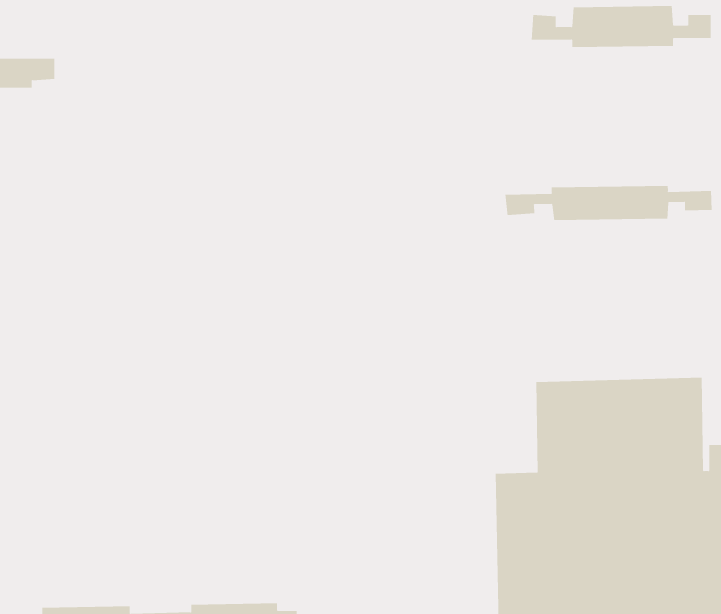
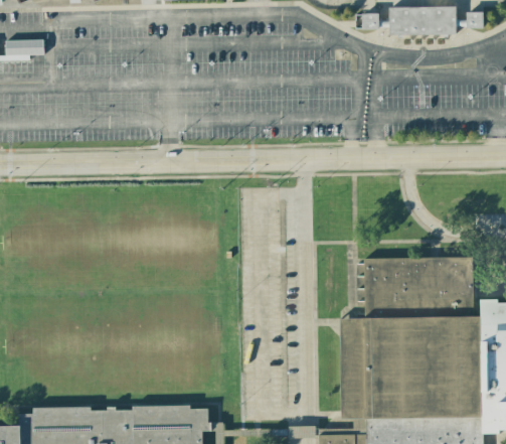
building: [505,185,712,221] -> none

